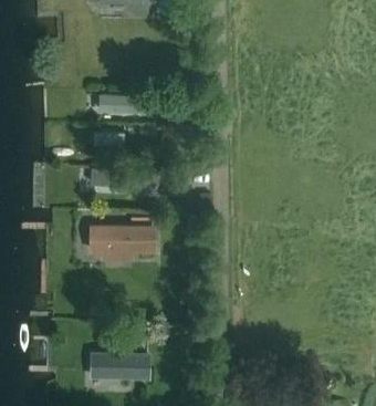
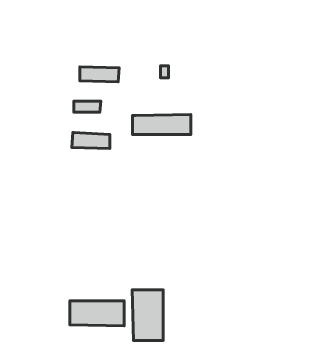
building: [90,228,154,250] -> [132,114,191,135]
building: none -> [132,290,163,341]

